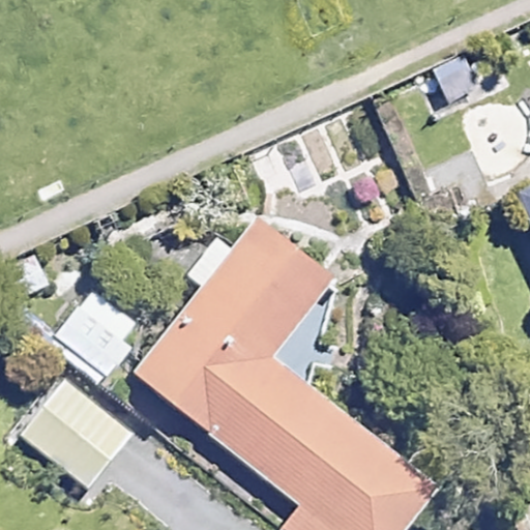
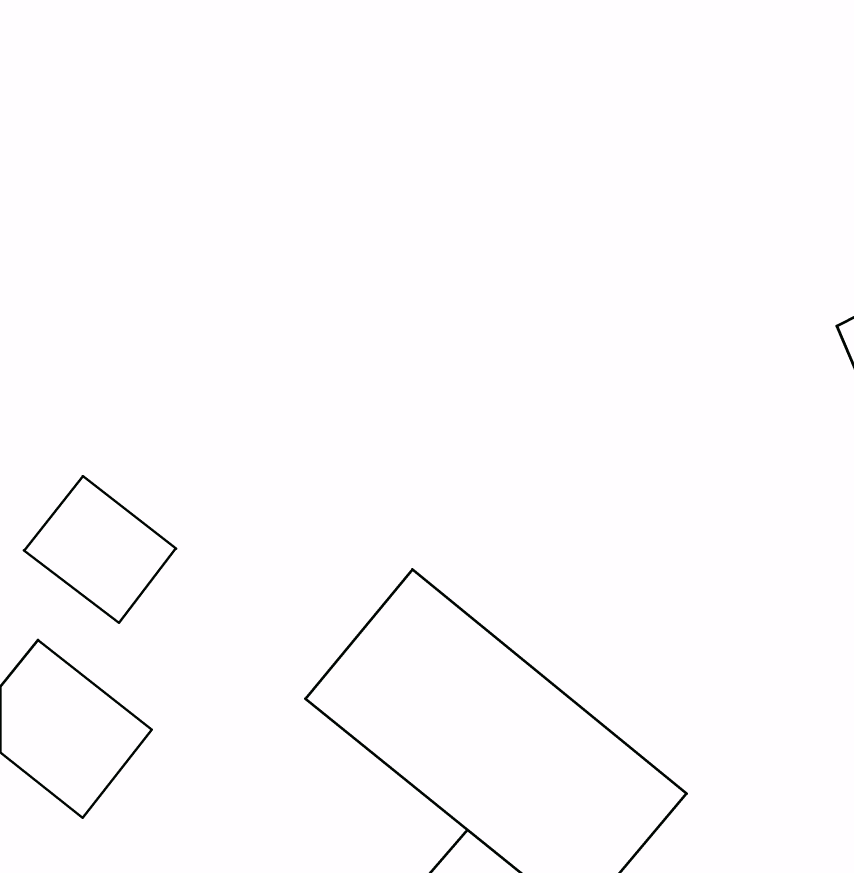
building: [134,218,325,424] -> none

